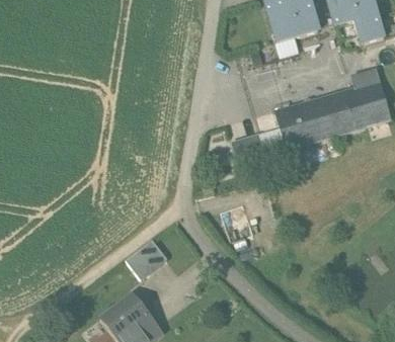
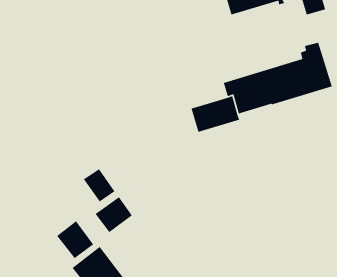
building: none -> [83,168,115,203]
building: none -> [56,220,94,259]

